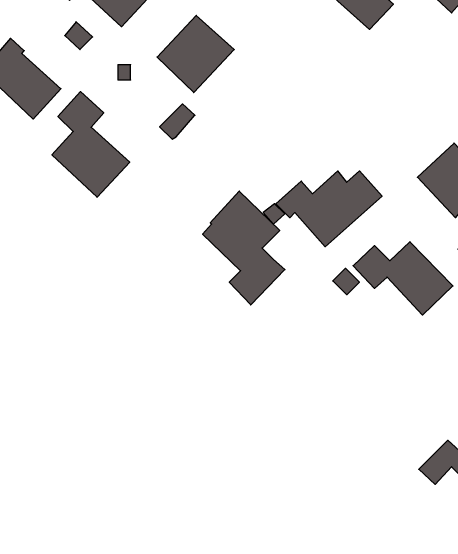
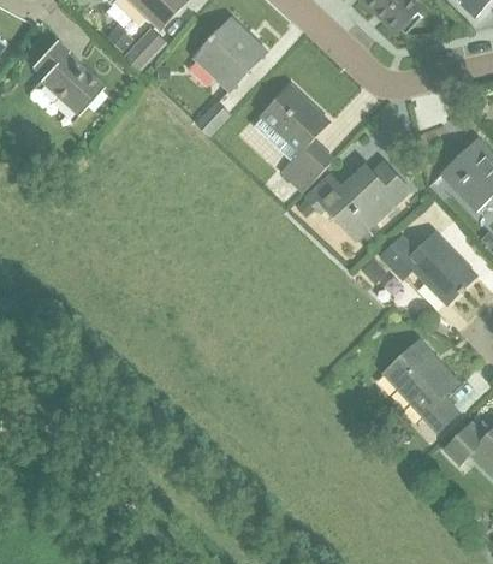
building: none -> [125,28,166,70]
building: [52,92,130,197] -> none
building: [203,191,285,305] -> [256,84,334,192]
building: none -> [384,338,458,431]

